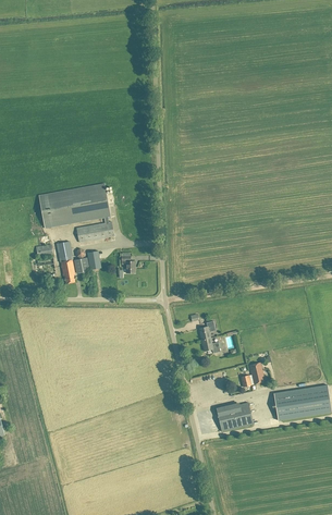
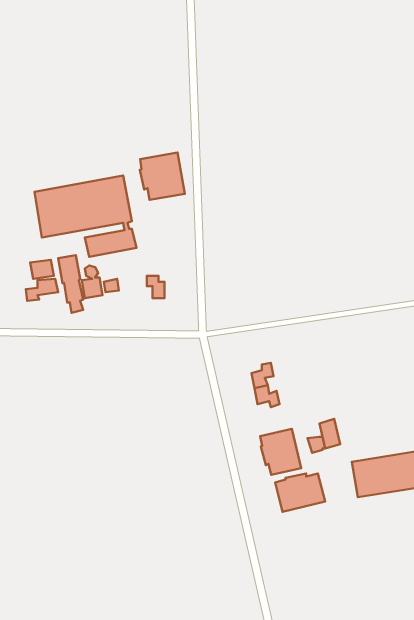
building: none -> [140,152,185,200]
building: none -> [260,429,301,475]

